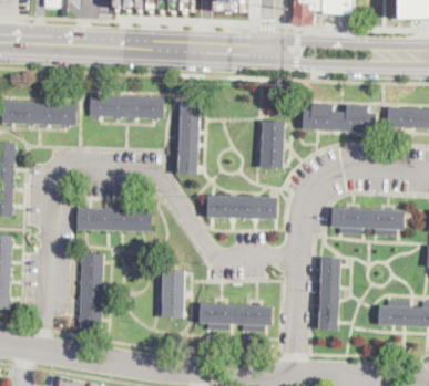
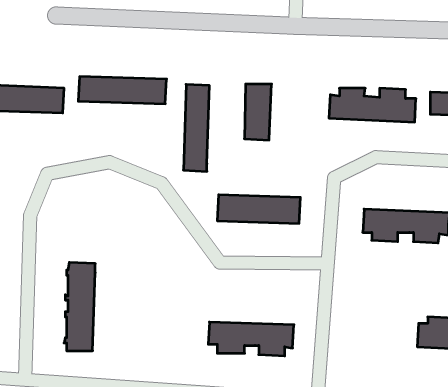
building: [261,121,284,168] -> [244,84,272,140]
building: [75,207,151,231] -> none
building: [317,257,339,330] -> none
building: [160,270,184,317] -> none

